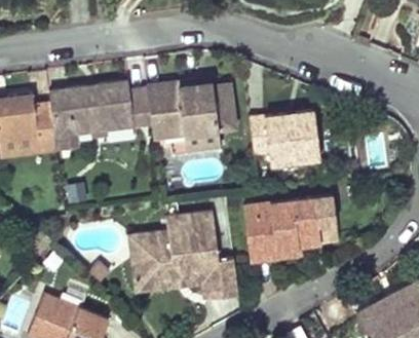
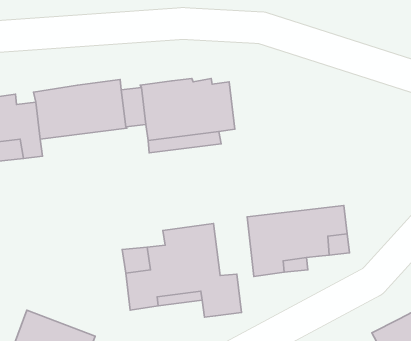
building: [249,111,318,163] -> none

